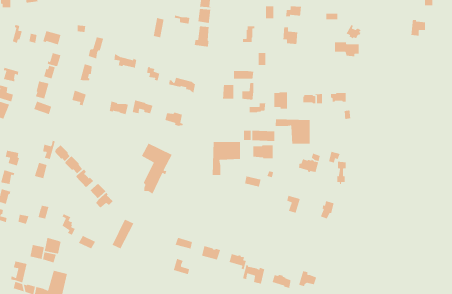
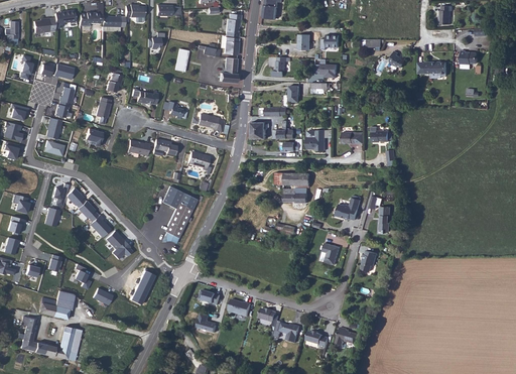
building: [334,42,360,57] -> [418,61,446,79]
building: [275,119,310,144] -> none
building: [212,141,241,176] -> none

